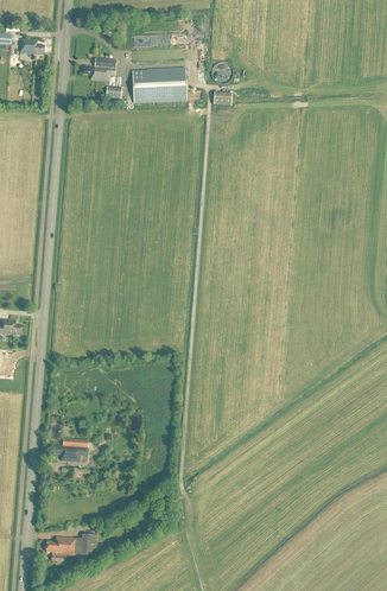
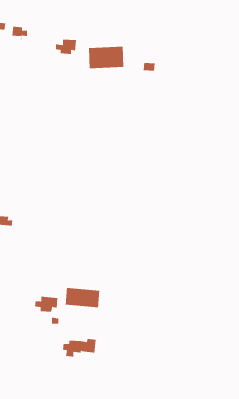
building: none -> [65,287,100,308]
building: [46,534,97,561] -> [62,339,97,357]

